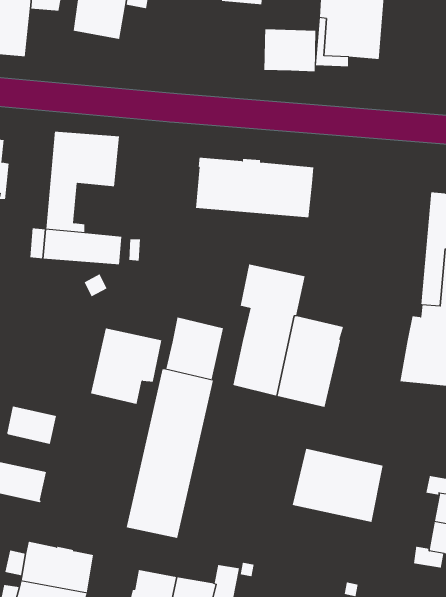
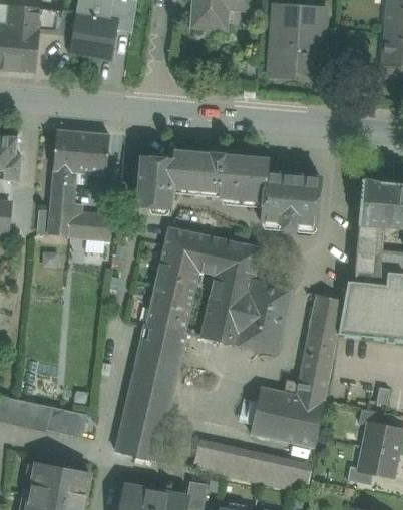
building: [264,27,316,72] -> none
building: none -> [136,156,173,207]
building: none -> [261,172,319,228]
building: [90,328,162,405] -> [155,227,214,290]
building: none -> [296,294,342,401]
building: [6,406,57,444] -> [45,406,86,437]
building: none -> [191,444,310,492]

